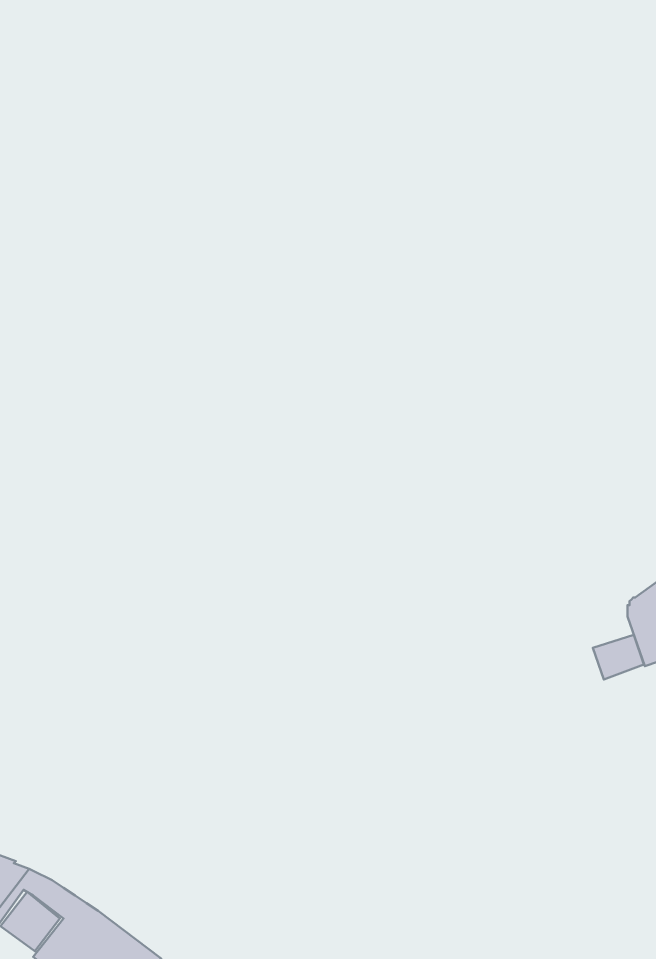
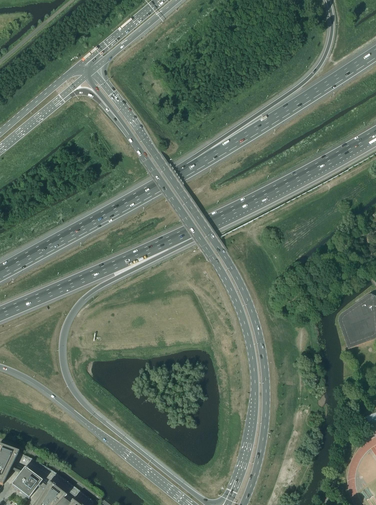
building: [593,635,644,679] -> none

